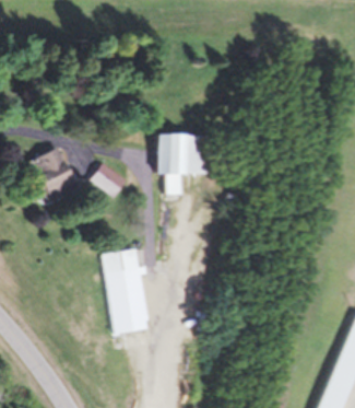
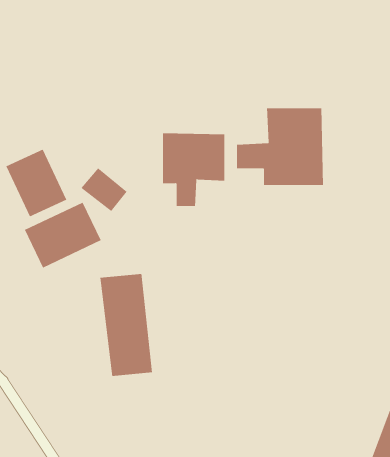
building: none -> [237,108,323,186]
building: none -> [24,202,102,268]

